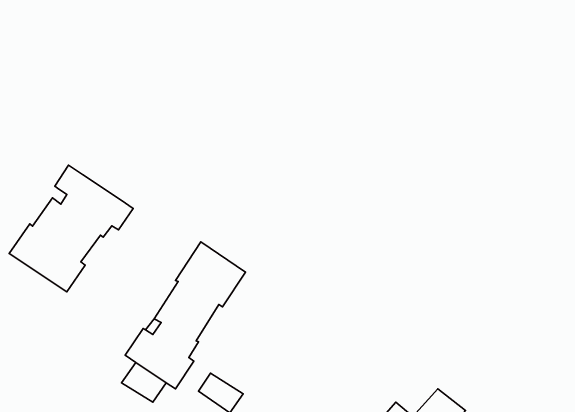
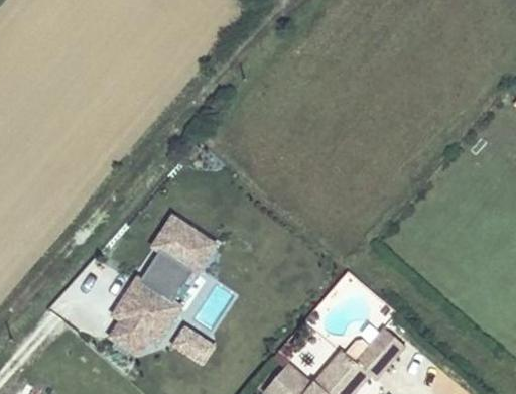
building: [9,165,133,292] -> none

